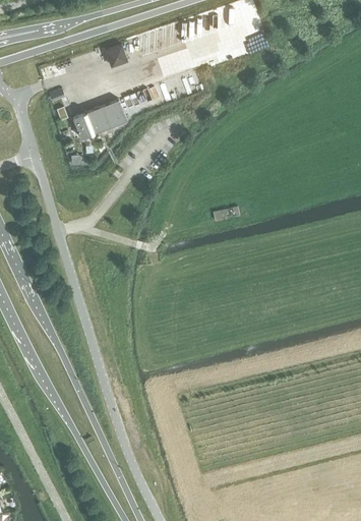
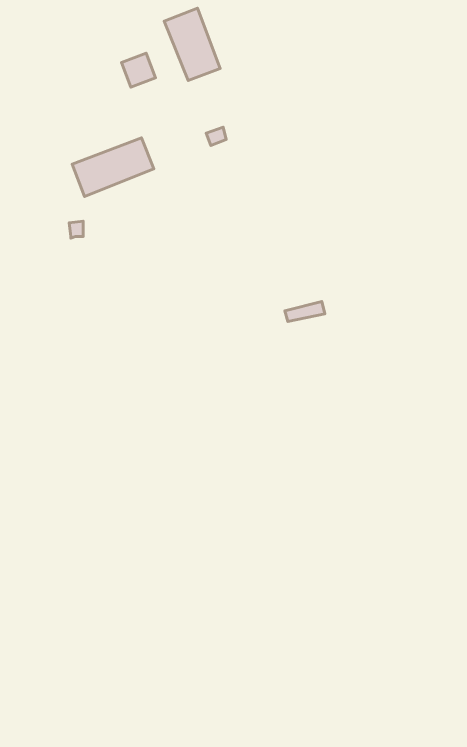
building: none -> [164,8,220,81]

